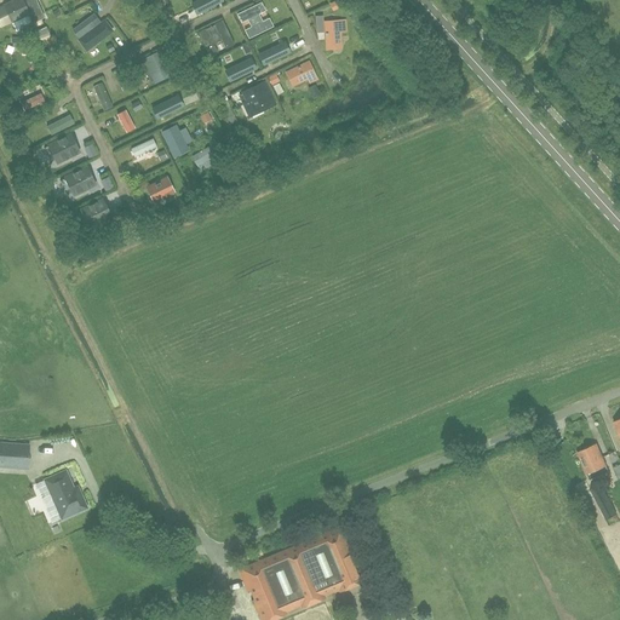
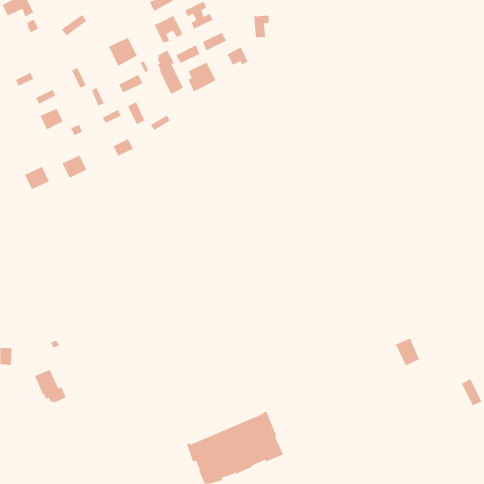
building: none -> [157,50,184,95]
building: [63,165,96,195] -> [24,166,50,190]
building: [575,443,607,480] -> [395,338,420,366]

